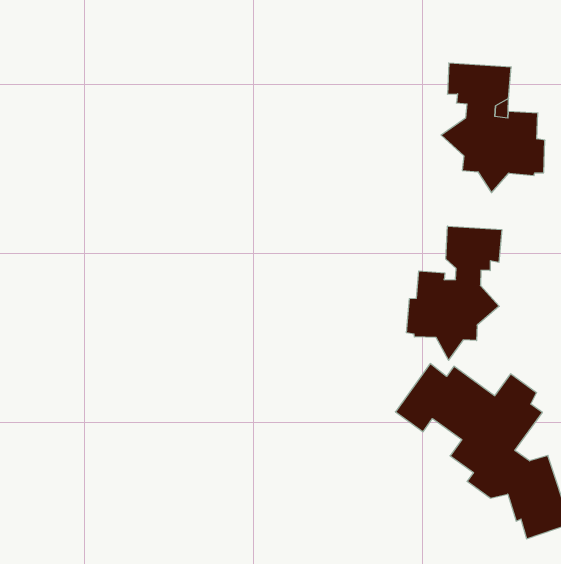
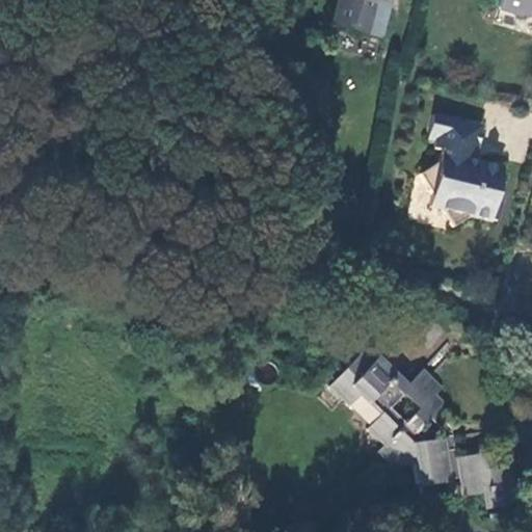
building: [406,226,502,360] -> none

